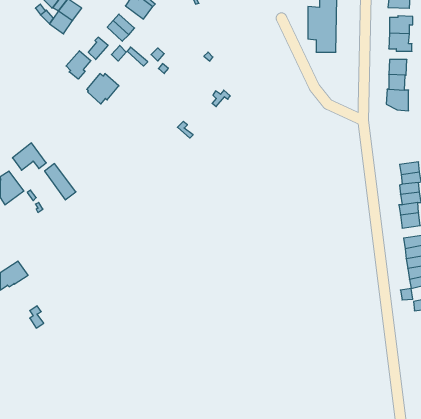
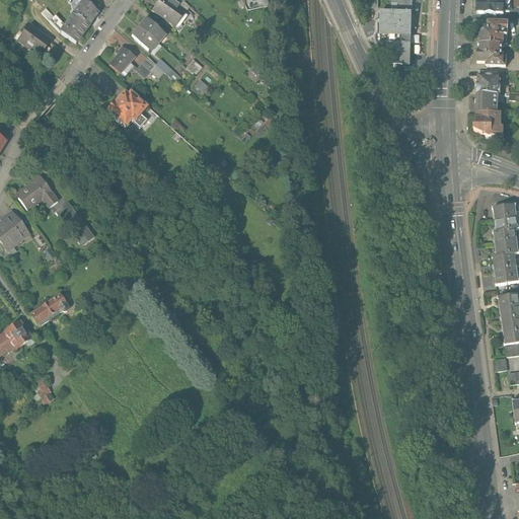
building: none -> [17,23,51,55]
building: [66,51,91,79] -> none
building: none -> [31,293,68,322]

